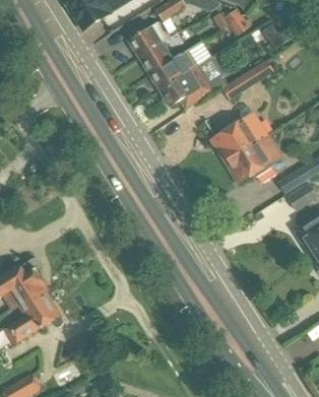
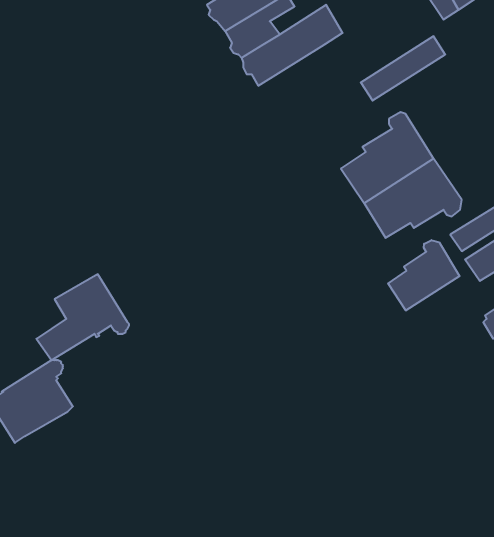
building: [160,58,226,107] -> none
building: none -> [388,240,460,311]
building: [5,290,62,343] -> [36,274,129,360]

